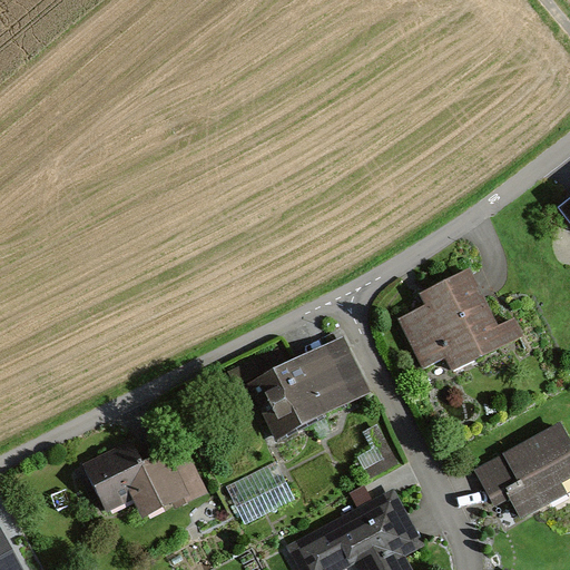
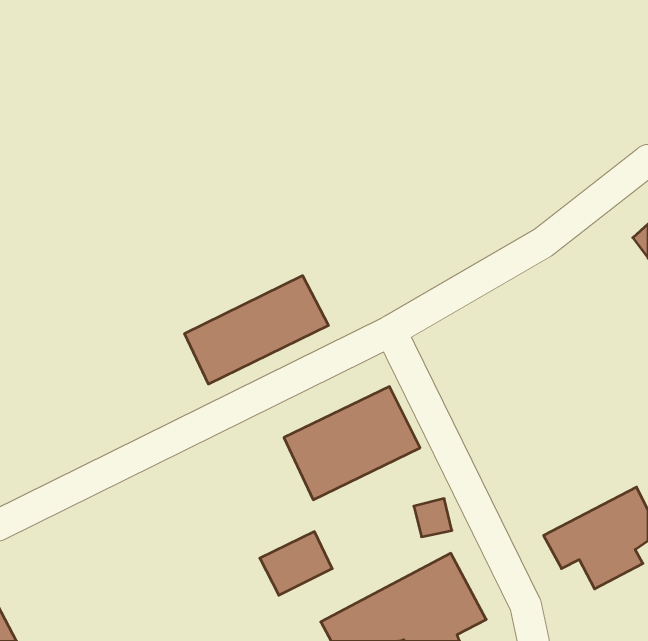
building: none -> [185,276,328,384]
building: [402,271,521,372] -> none
building: [79,441,203,523] -> none

